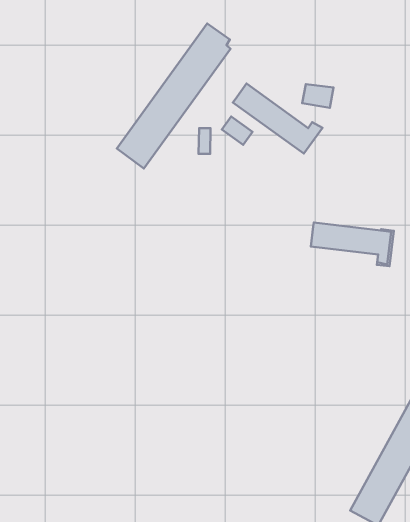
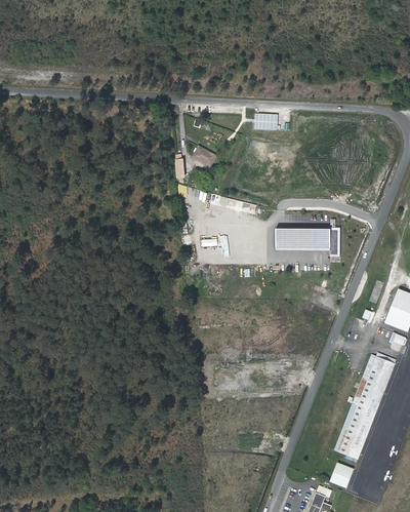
building: [117,23,230,168] -> none
building: [233,84,322,153] -> none

